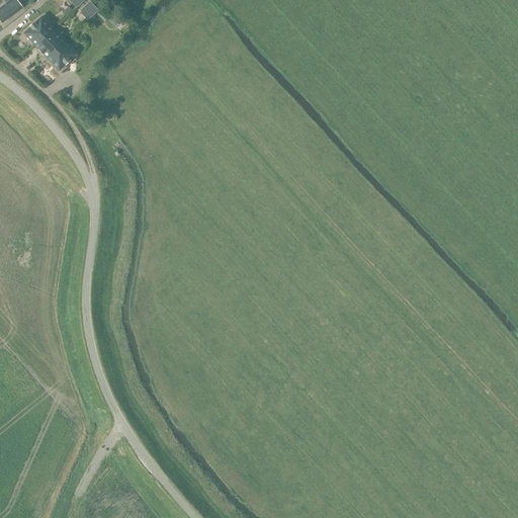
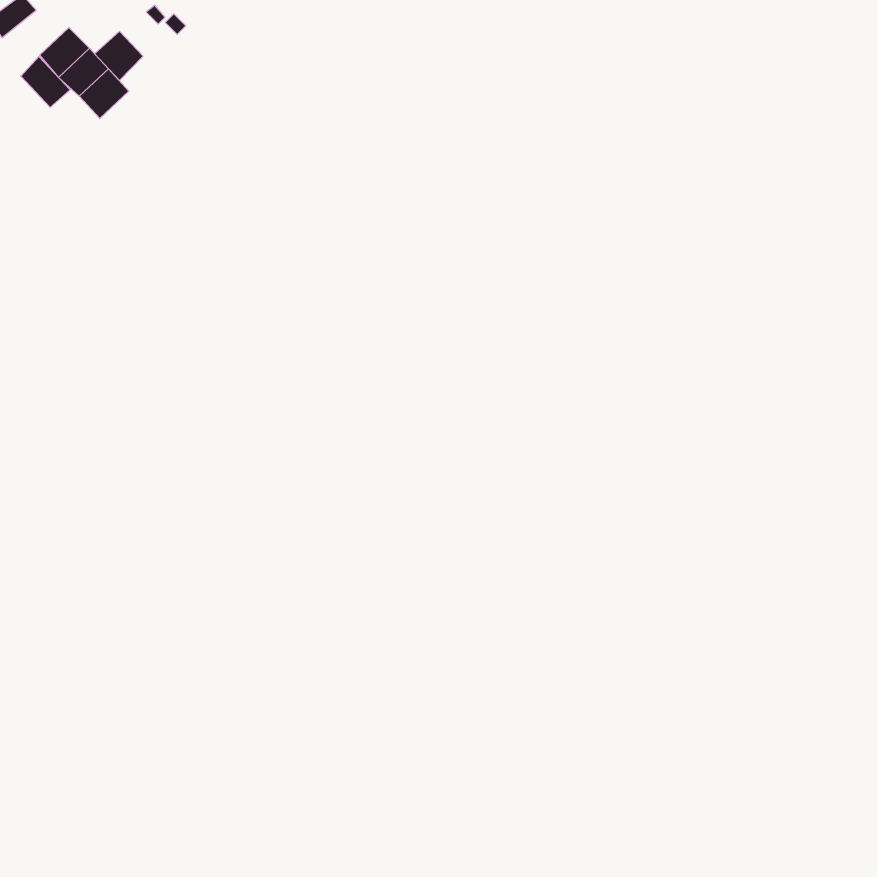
building: none -> [95,31,143,80]
building: none -> [21,57,70,107]

